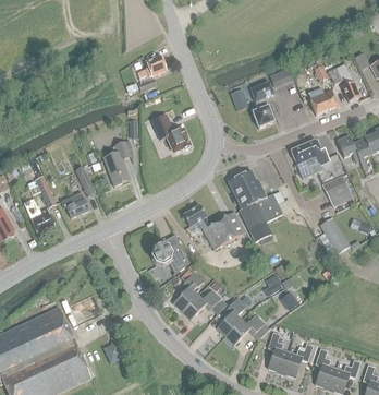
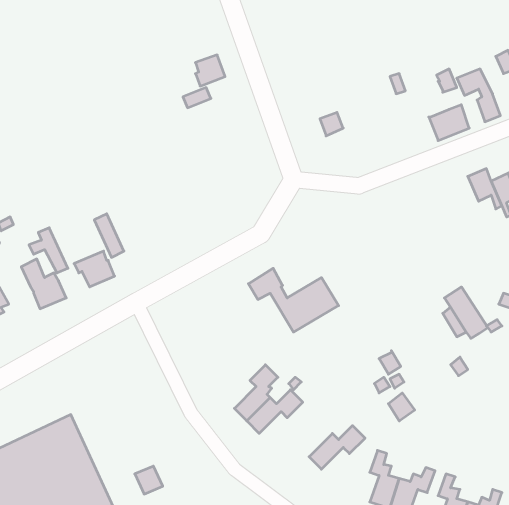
building: [249,81,273,128] -> none
building: [150,113,190,152] -> none
building: [290,139,329,177] -> none
building: [102,140,132,185] -> none
building: [228,170,284,241] -> none
building: [321,175,352,206] -> none
building: [150,231,188,275] -> none
building: [216,297,246,336] -> none

